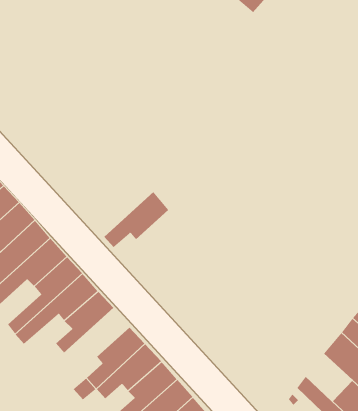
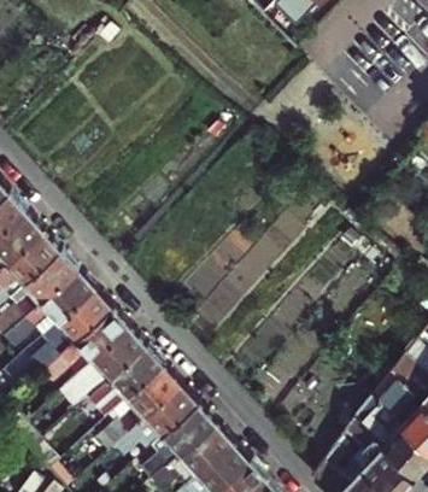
building: [103,191,169,248] -> [92,346,163,408]

